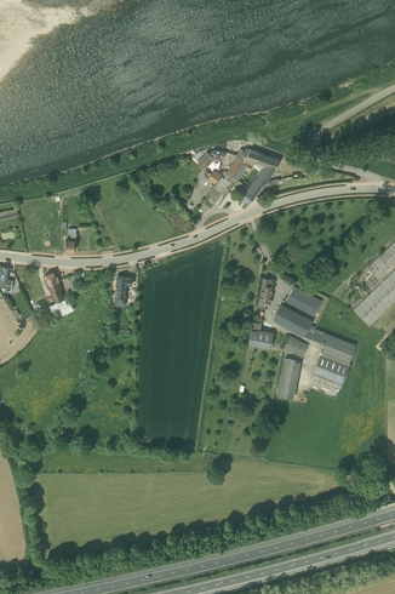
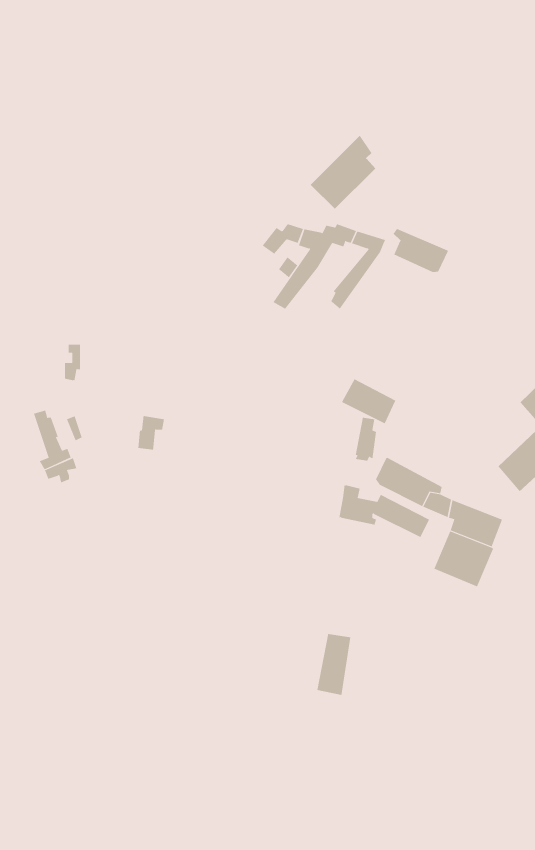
building: none -> [310,135,376,210]
building: none -> [393,228,448,273]
building: [285,286,321,316] -> [341,378,396,424]
building: [276,359,299,400] -> [317,633,351,696]

